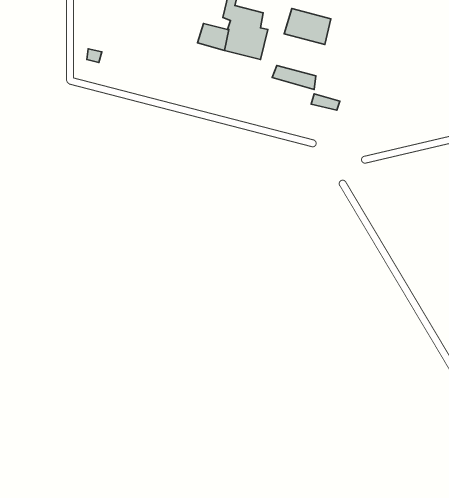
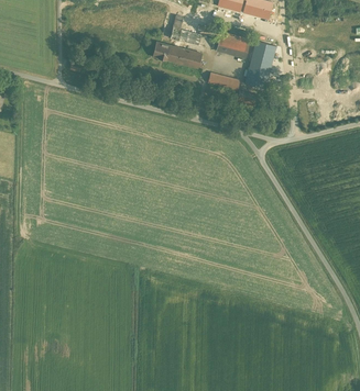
building: none -> [244,41,276,89]

